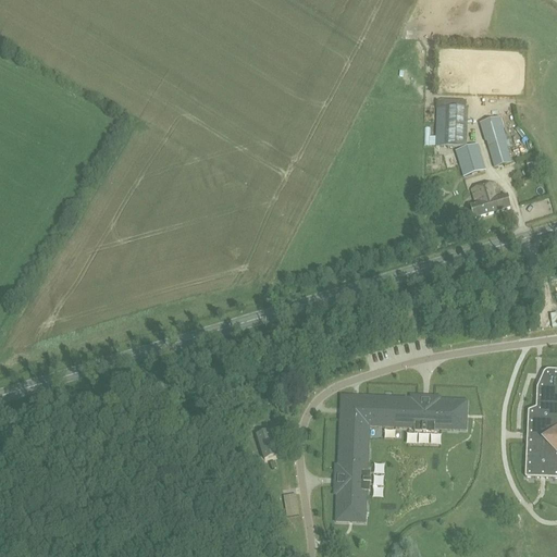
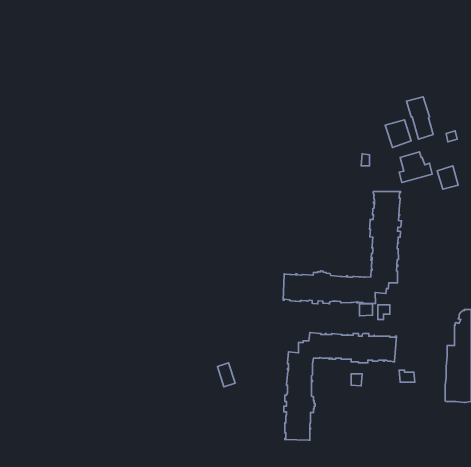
building: [435,104,468,144] -> none
building: none -> [437,166,458,189]
building: none -> [283,191,401,304]

